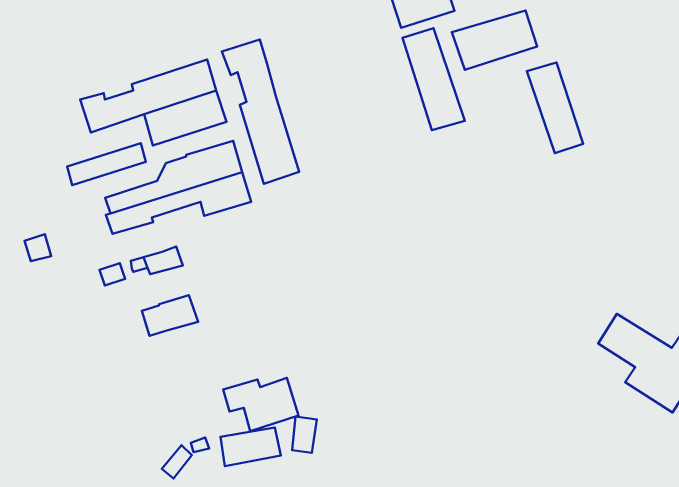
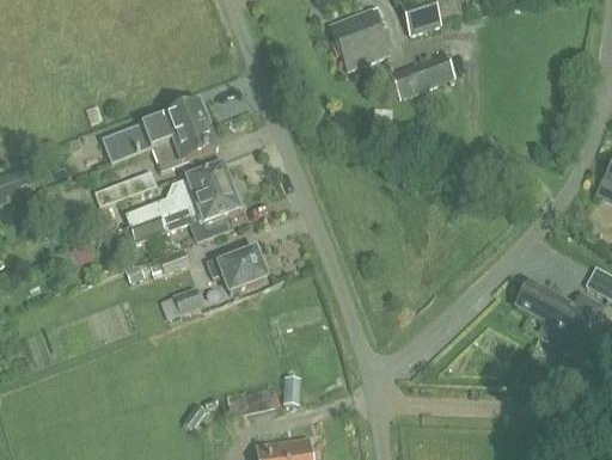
building: [402,28,465,130] -> none
building: [222,39,299,184] -> none
building: [527,63,583,153] -> none
building: [223,378,299,431] -> [207,249,267,292]

